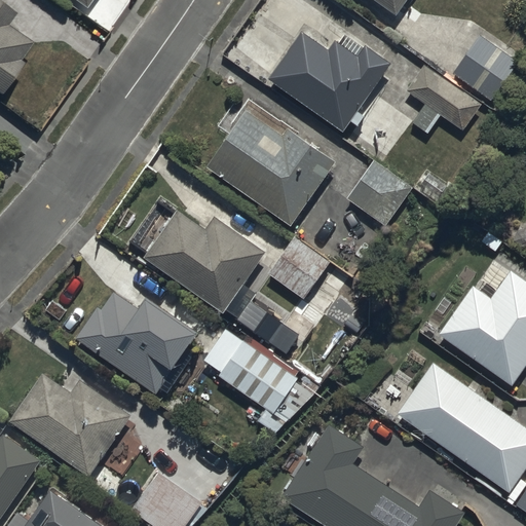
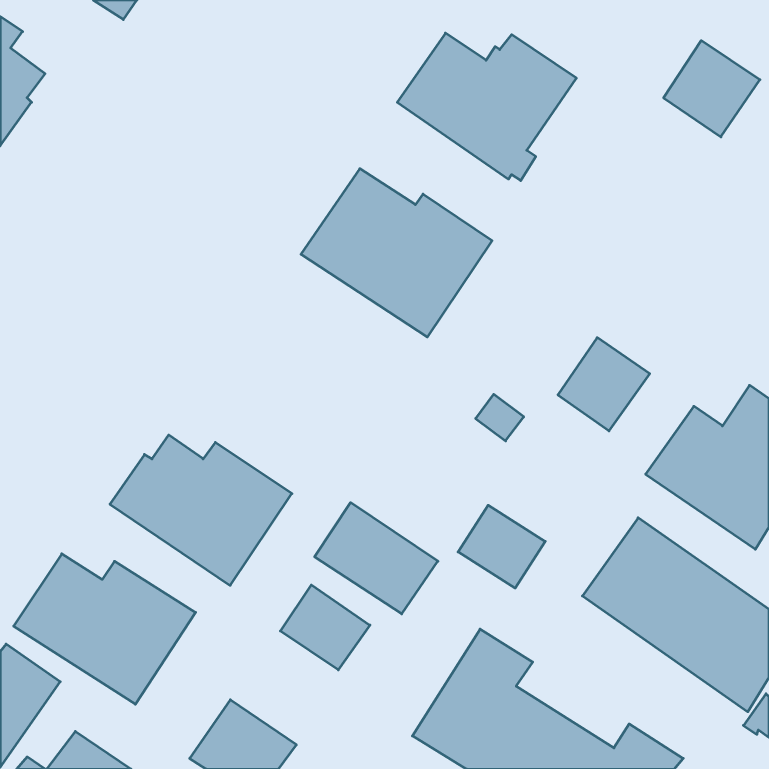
building: [407,59,482,128] -> none
building: [349,153,412,217] -> [558,338,650,431]
building: [144,215,265,318] -> none
building: [269,241,330,302] -> none
building: [235,296,295,352] -> [458,505,545,588]
building: none -> [280,585,370,670]

